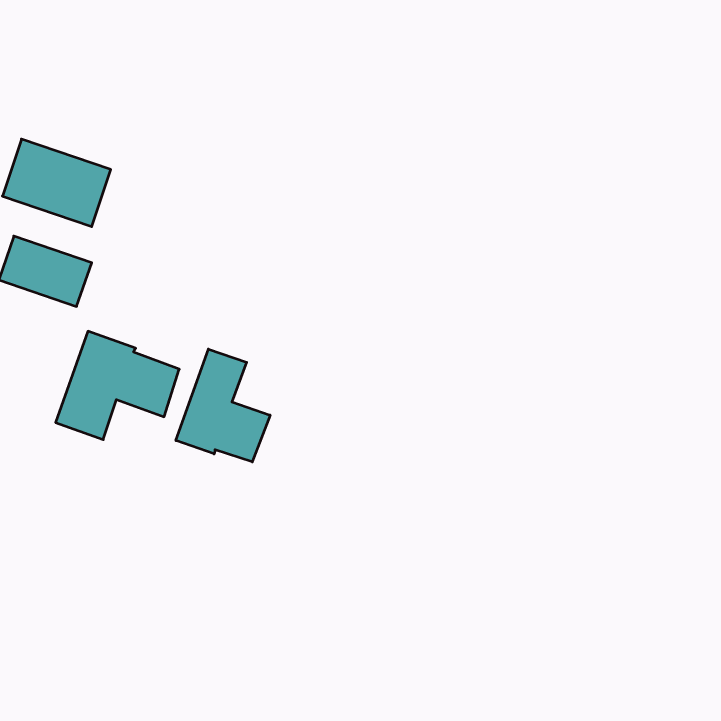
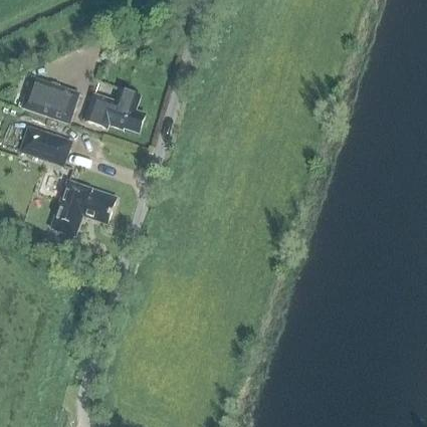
building: none -> [84,86,145,131]
building: [176,349,270,462] -> none

